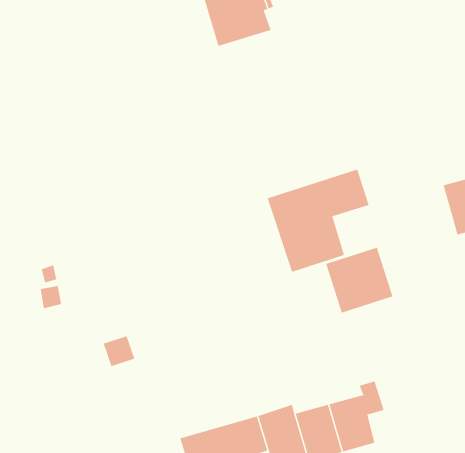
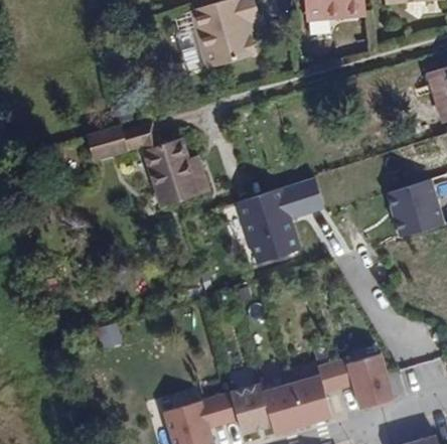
building: none -> [88,124,200,207]
building: [326,247,393,314] -> none
building: none -> [331,352,394,407]

